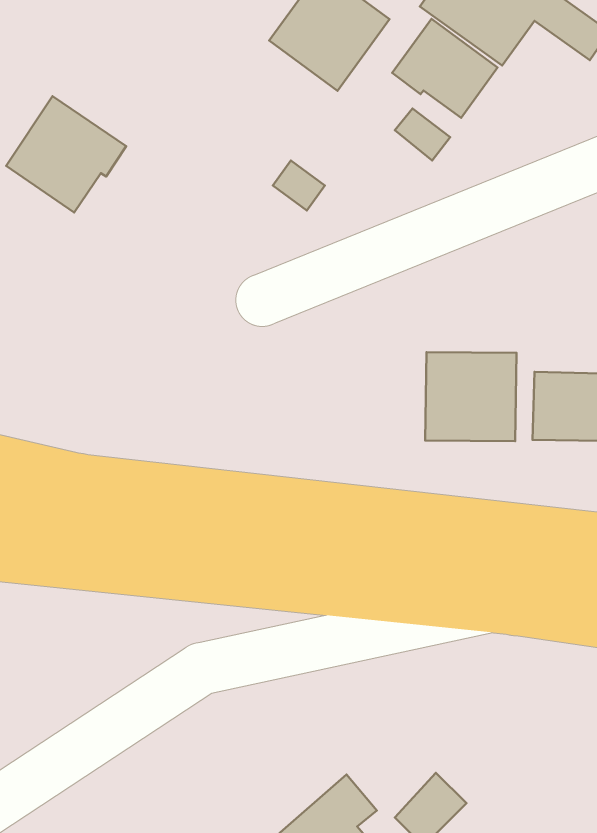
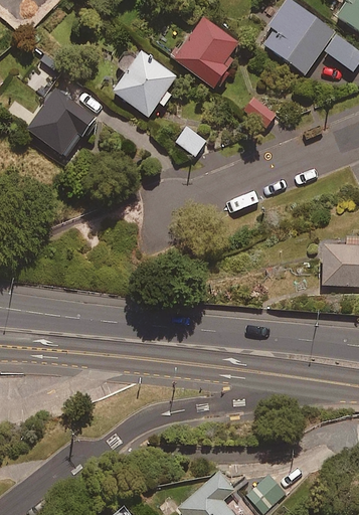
building: [392,19,498,118] -> none
building: none -> [113,50,178,117]
building: [425,352,517,441] -> none

